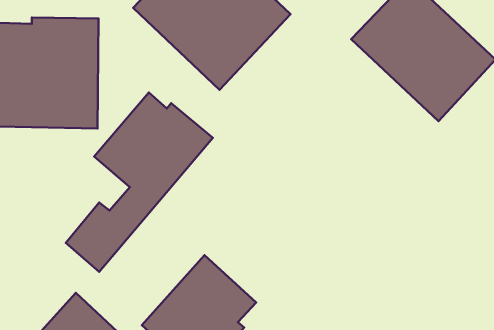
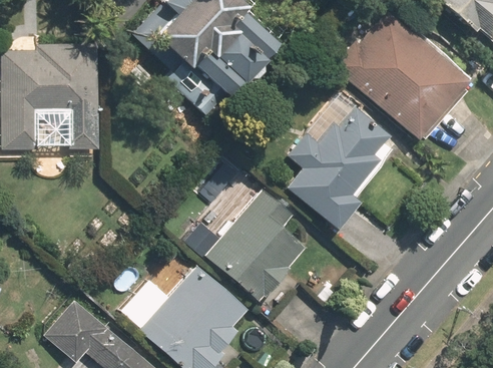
building: none -> [287,93,398,230]
building: [66,93,213,272] -> none
building: none -> [205,190,305,301]

